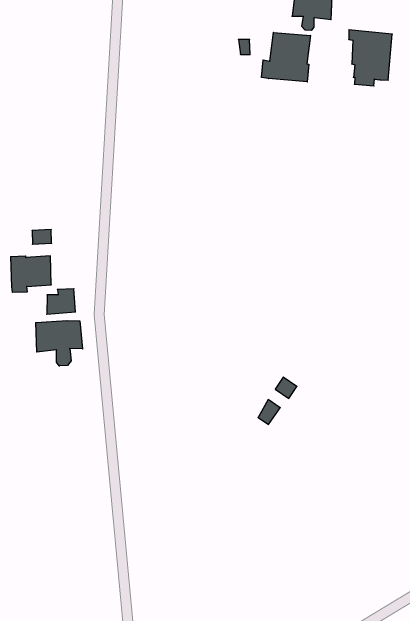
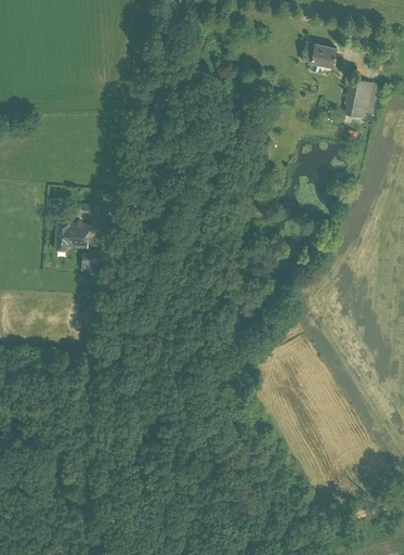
building: [262,32,310,82] -> none
building: [36,321,83,366] -> none

